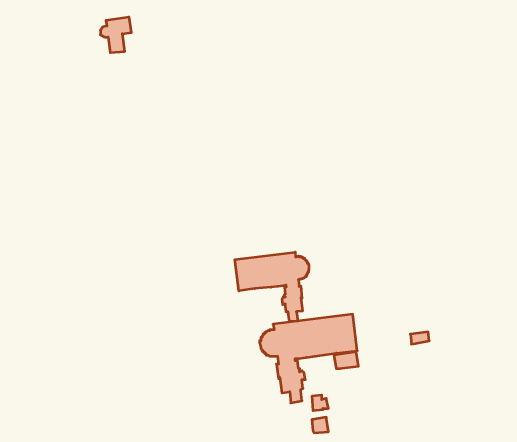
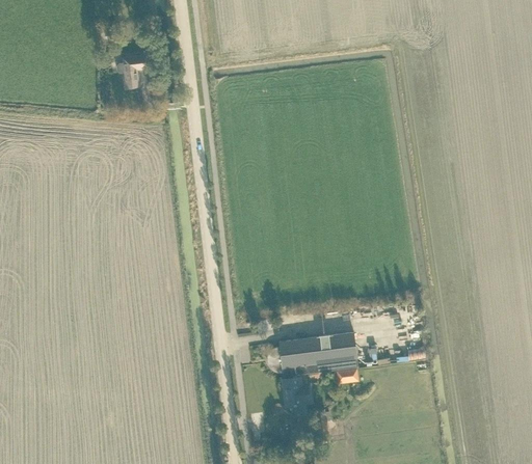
building: [235,252,309,321] -> none

